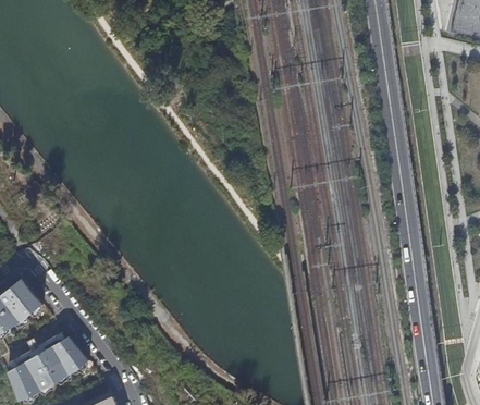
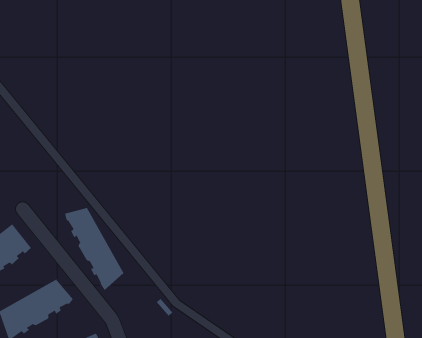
building: none -> [65,207,124,291]

